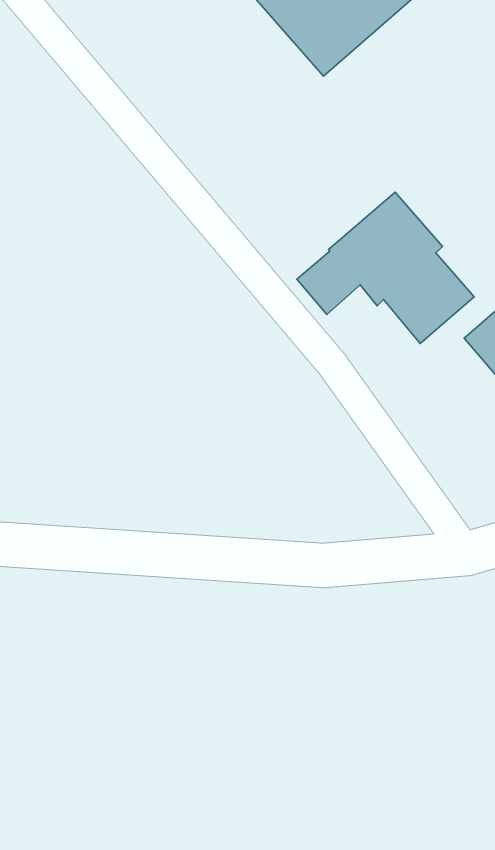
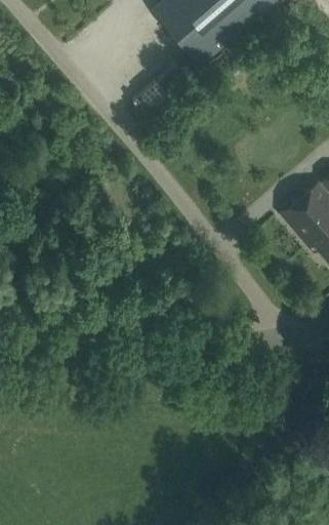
building: [297,192,474,343] -> none

